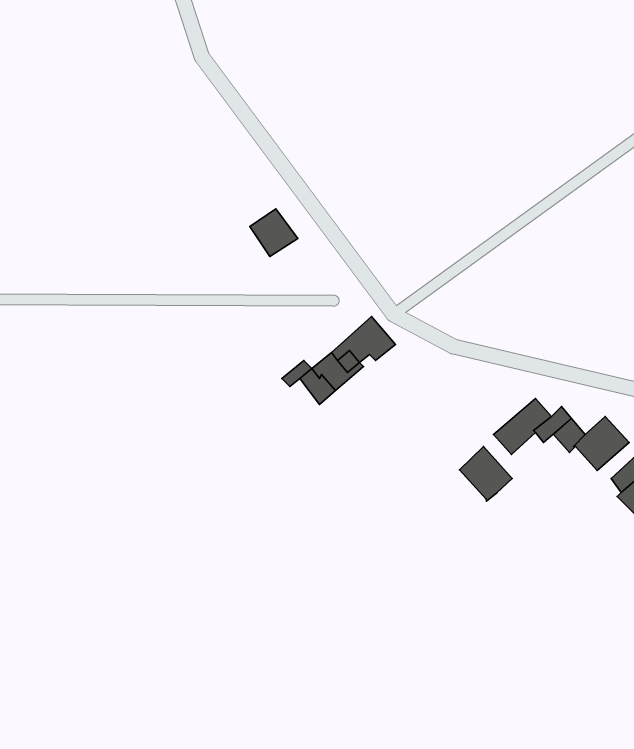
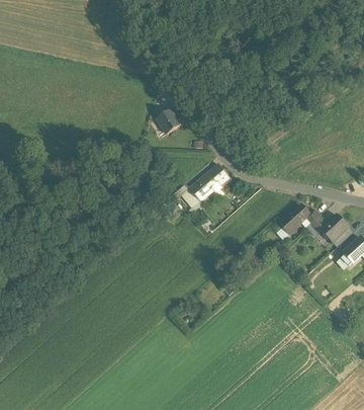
building: [460,446,512,501] -> none

